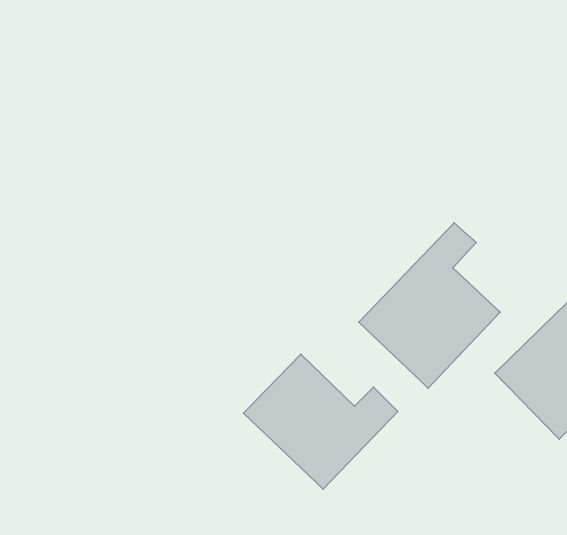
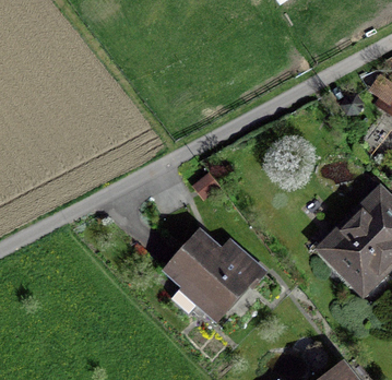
building: [359,223,500,388] -> none

